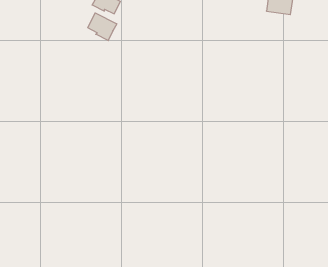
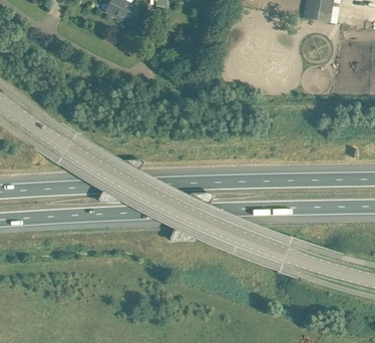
building: [88,13,117,41] -> none

